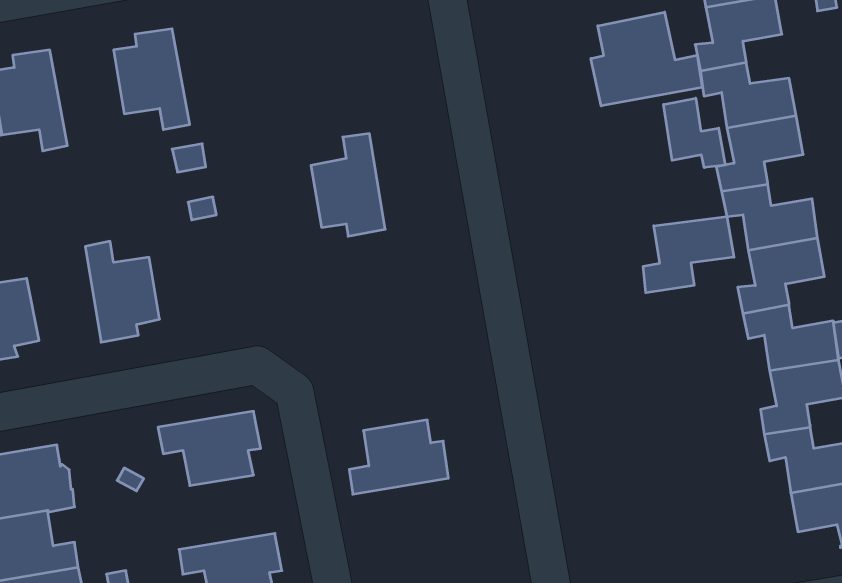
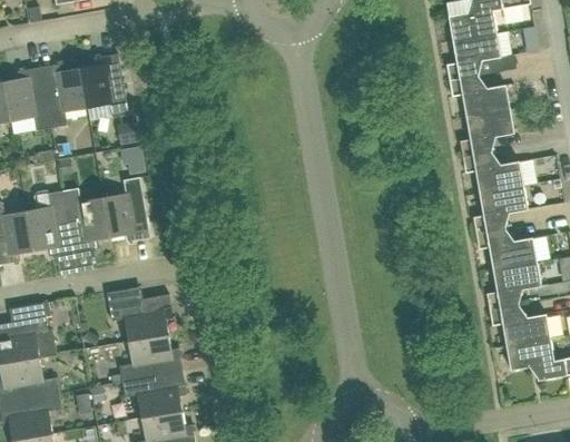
building: [591,12,702,106] -> none
building: none -> [40,62,87,127]
building: [664,98,725,168] -> none
building: [311,134,385,236] -> [102,177,149,242]
building: [643,216,734,293] -> none
building: none -> [26,190,72,255]
building: [349,420,448,494] -> [119,334,181,381]

